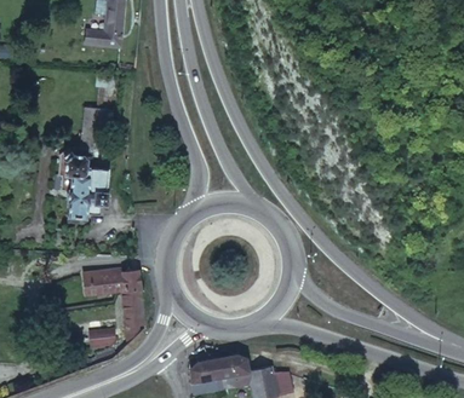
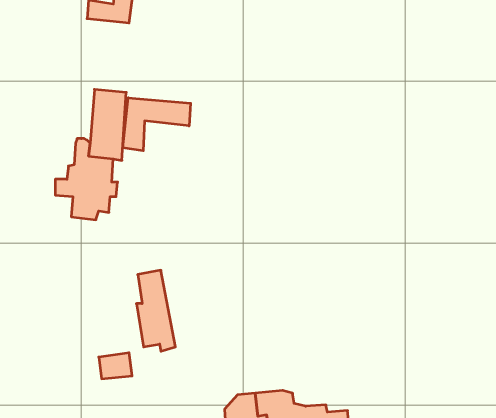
building: none -> [123,98,191,151]
building: [80,260,124,289] -> none

